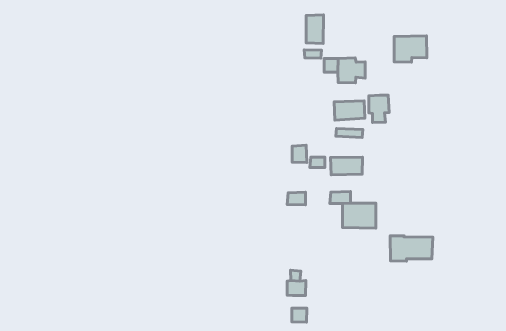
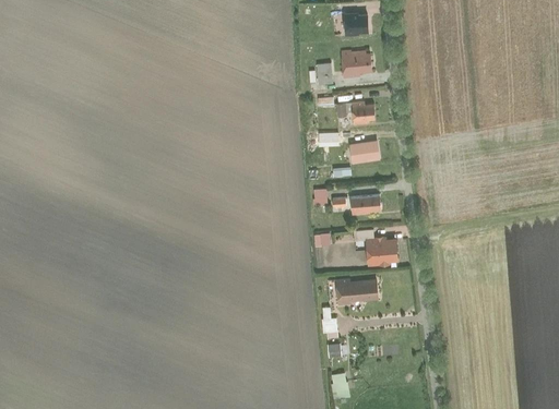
building: [394,36,427,62] -> [340,50,372,77]
building: [369,95,389,123] -> none
building: [390,236,433,261] -> [335,278,377,304]

